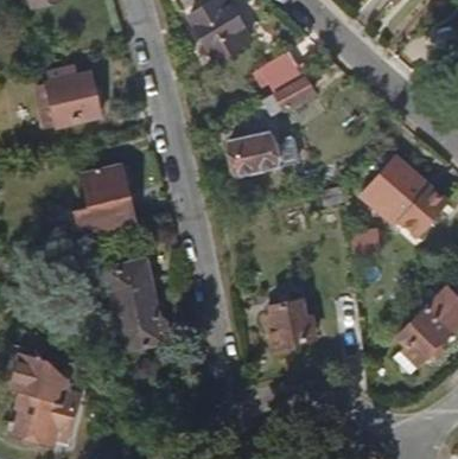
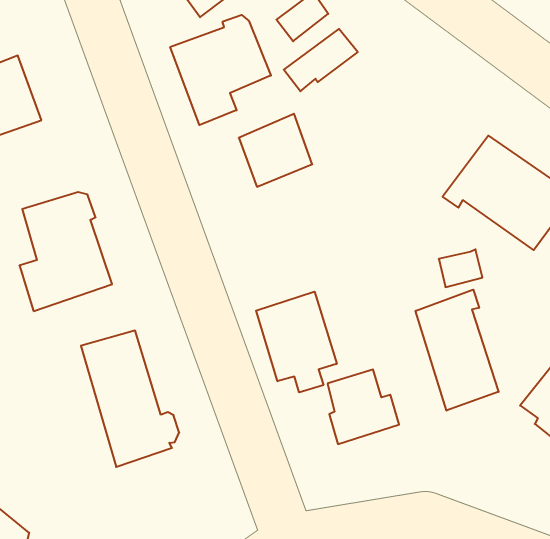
building: none -> [170,15,271,125]
building: none -> [256,292,337,392]
building: none -> [416,290,499,411]

